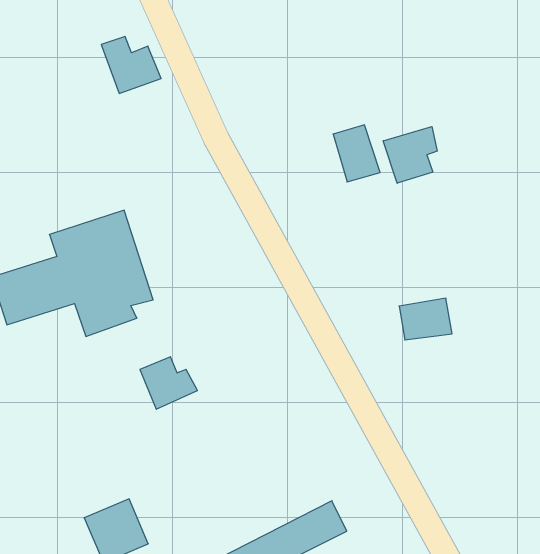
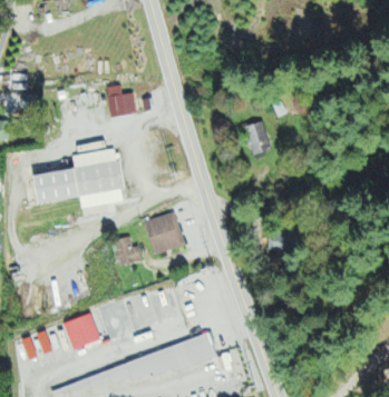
building: [101,36,161,93] -> [105,83,136,116]
building: [383,127,437,183] -> none
building: none -> [145,211,184,252]

